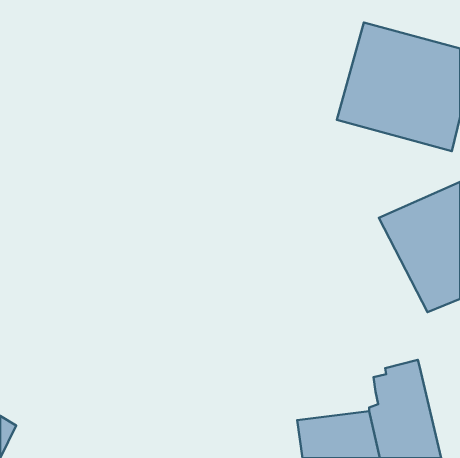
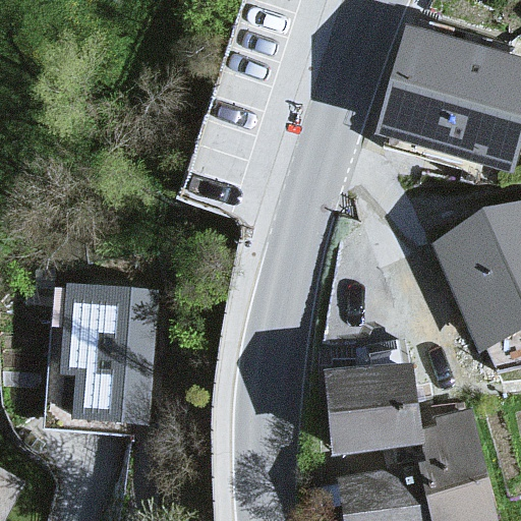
building: none -> [58,288,155,431]
building: none -> [324,357,424,453]

